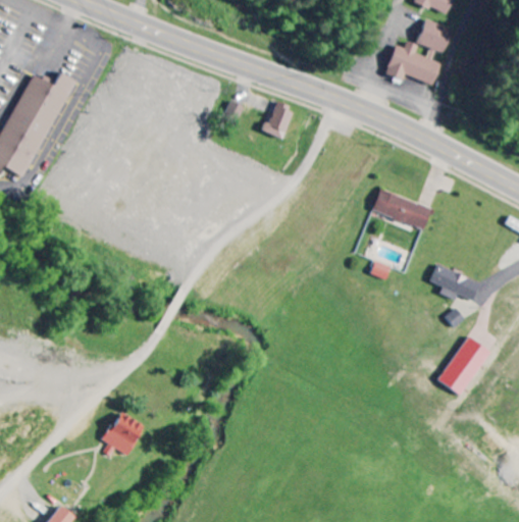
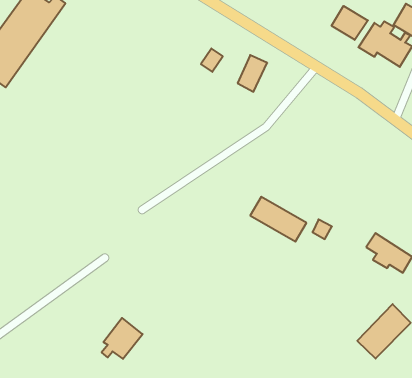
building: none -> [332,6,368,40]
building: [372,190,432,230] -> [250,197,306,242]
building: [101,413,141,457] -> [102,318,143,359]

